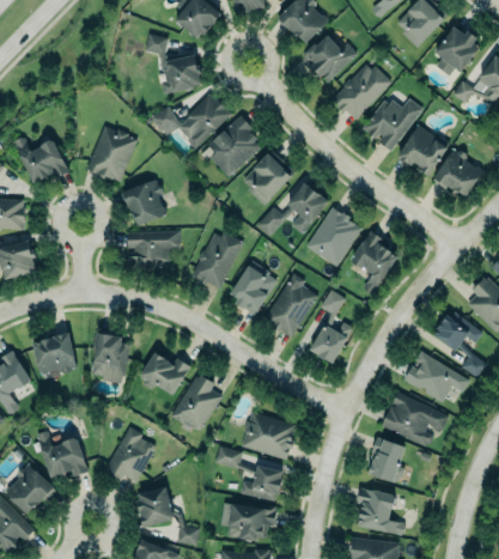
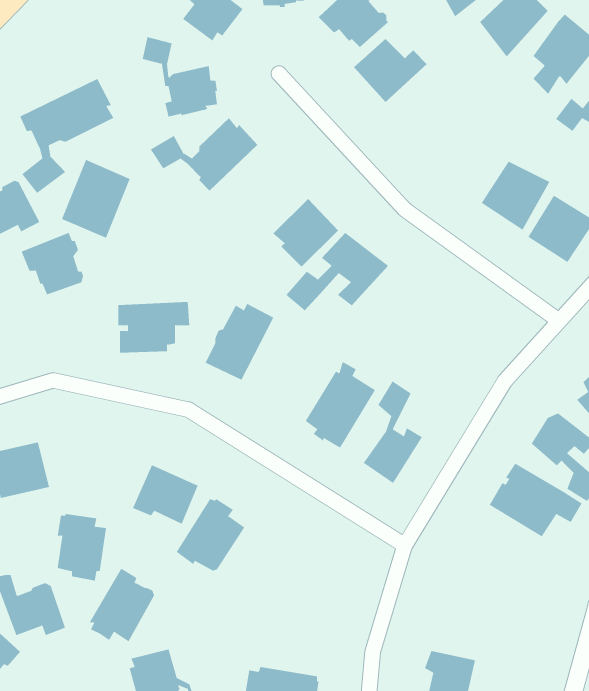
building: none -> [19,78,114,194]
building: [333,65,391,119] -> none
building: [363,98,422,151] -> none
building: [200,117,263,180] -> none
building: [120,178,166,225] -> [21,232,84,295]
building: [306,207,361,266] -> none
building: [352,231,398,293] -> none
building: [230,265,276,315] -> none
building: [92,333,129,383] -> [57,513,107,581]
building: [382,391,450,445] -> none
building: [241,411,294,461] -> none
building: [370,438,406,482] -> none
building: [214,445,284,502] -> none

